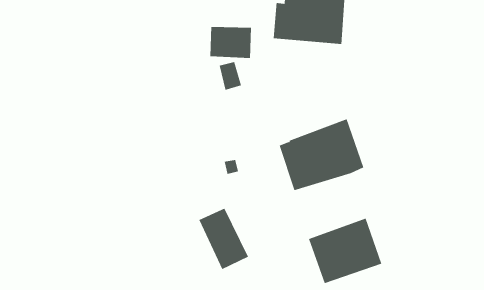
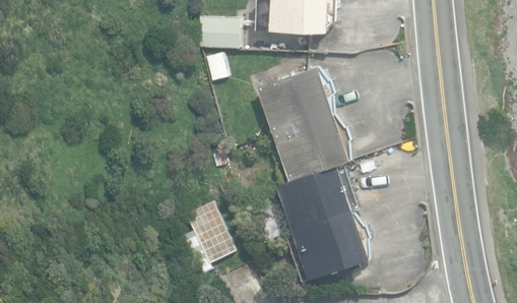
building: none -> [281,78,357,144]
building: none -> [301,178,376,244]

